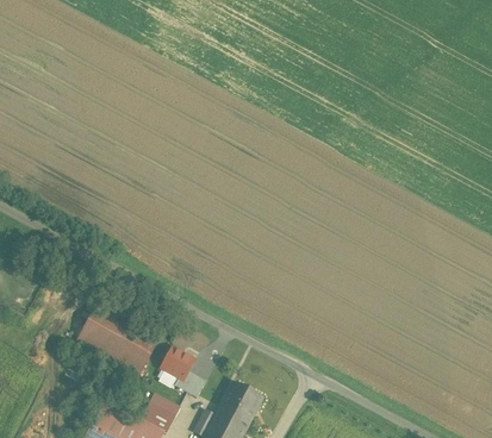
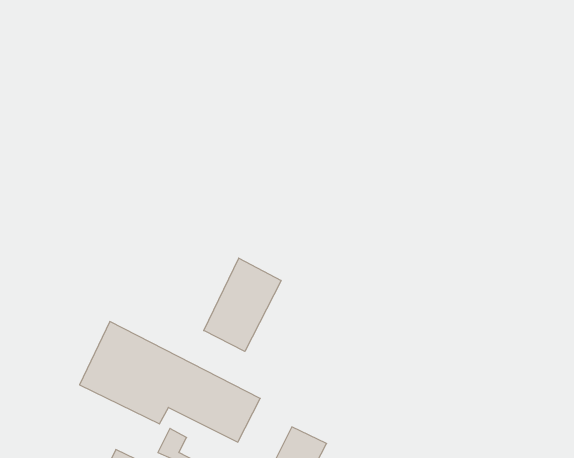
building: none -> [204,258,281,351]

